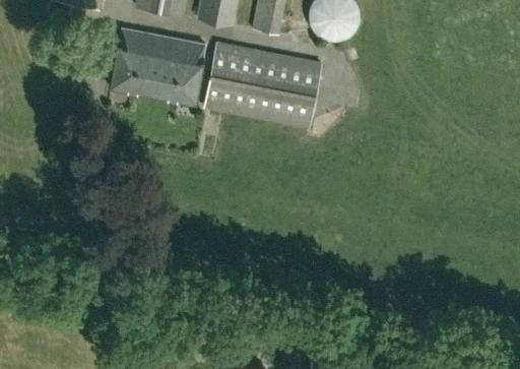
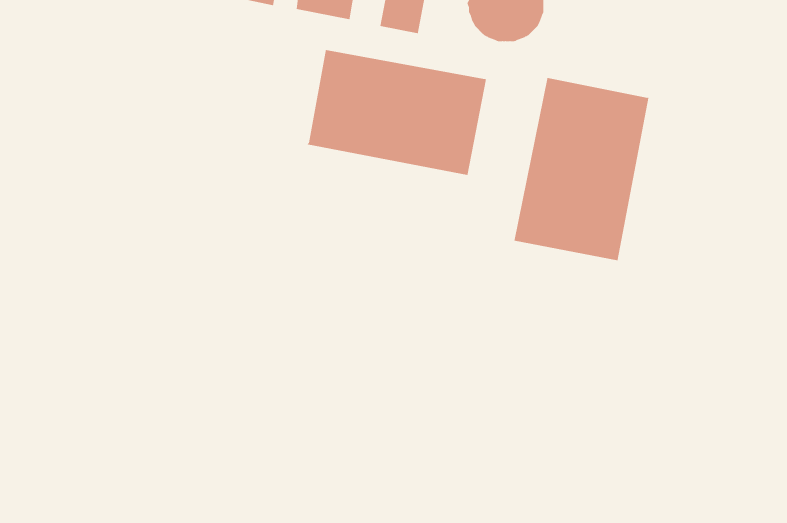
building: [111,27,206,103] -> none
building: none -> [514,77,649,261]

